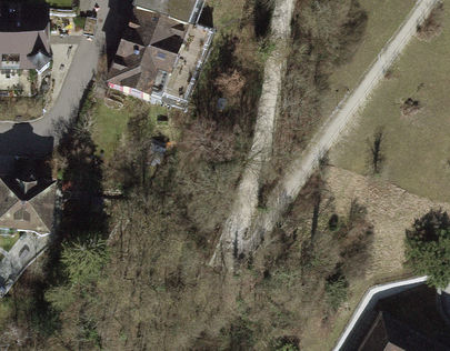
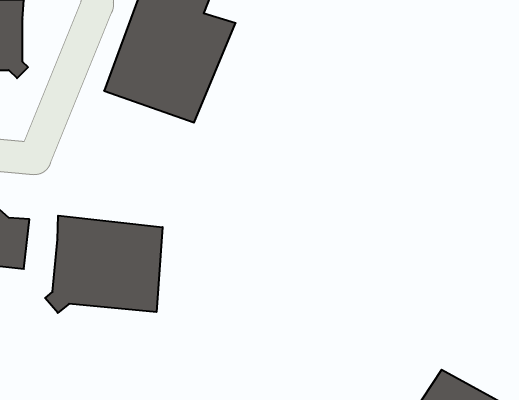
building: none -> [45,216,163,313]

